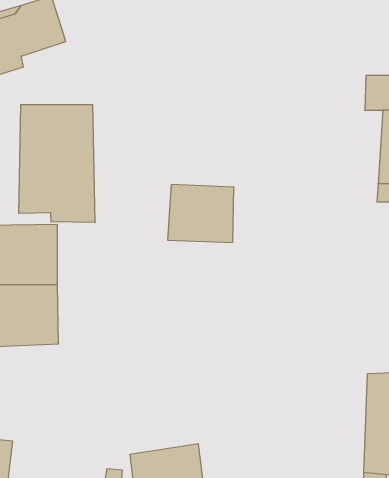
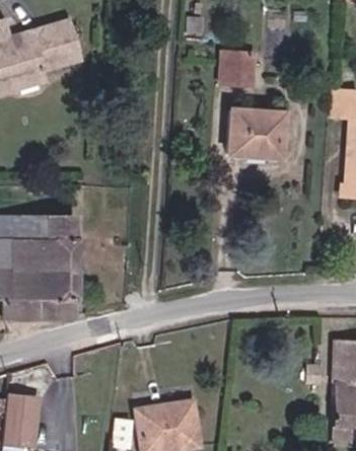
building: none -> [218,51,253,85]
building: [19,105,95,223] -> none
building: [168,185,234,242] -> [225,108,281,157]

